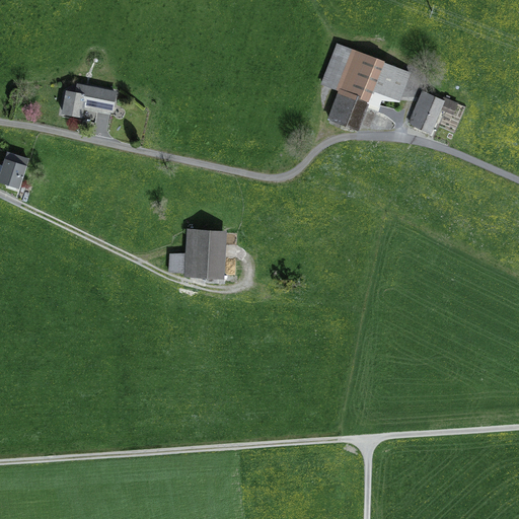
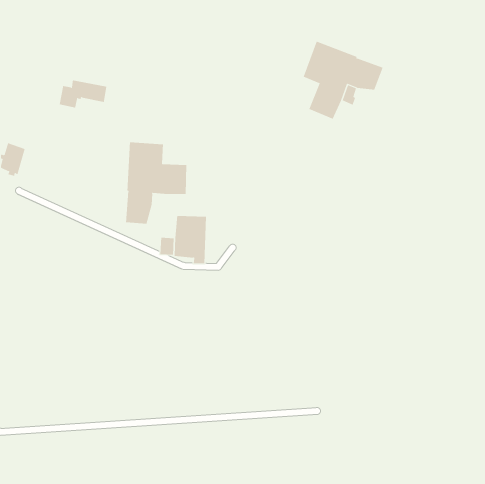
building: [410,91,457,131] -> none
building: none -> [126,141,187,224]

